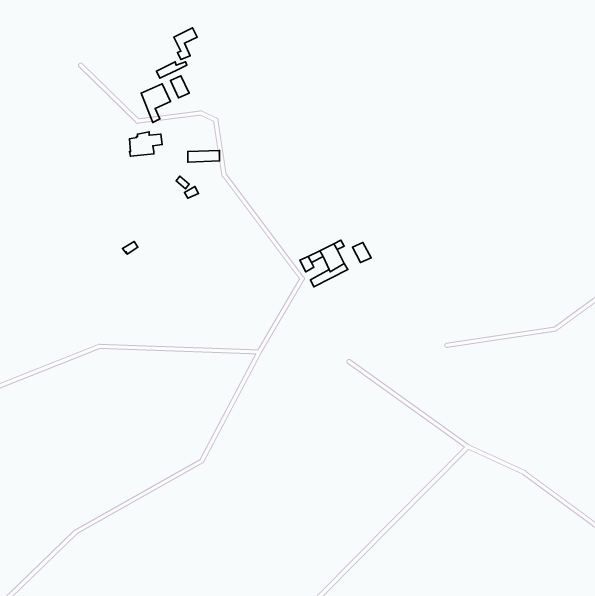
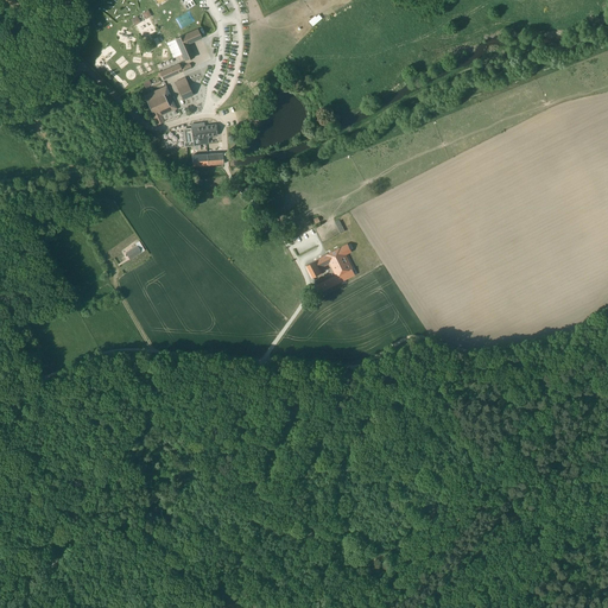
building: [129,132,162,156] -> [183,122,216,147]

